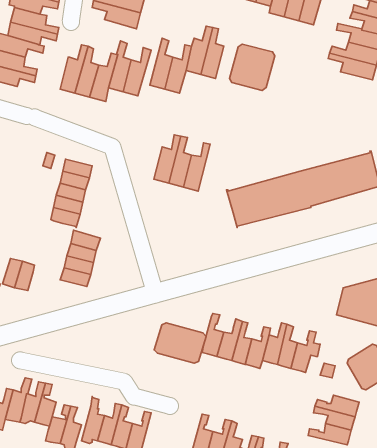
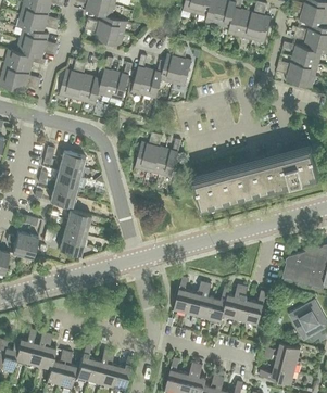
building: [229,44,275,90] -> none
building: [154,323,206,363] -> none

